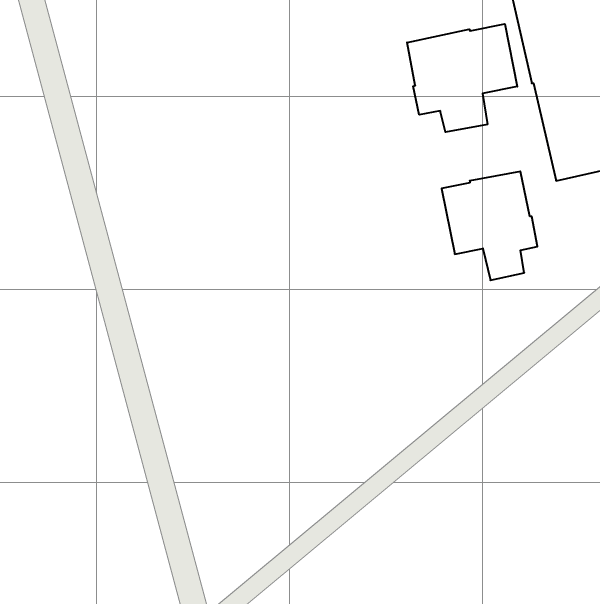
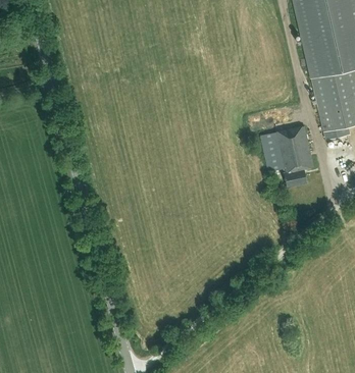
building: [407,24,517,132] -> none

